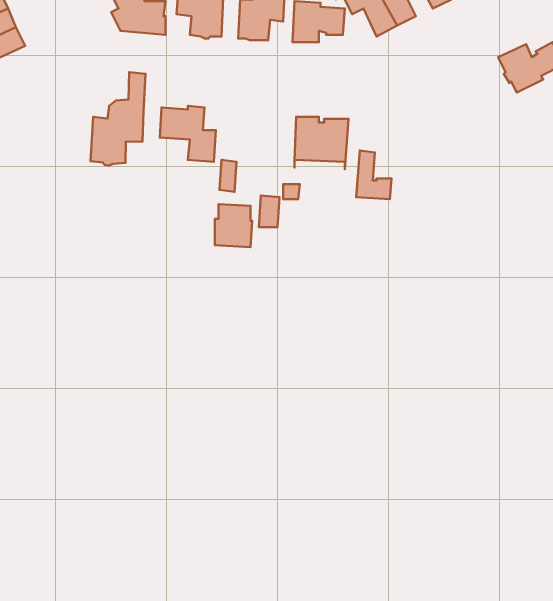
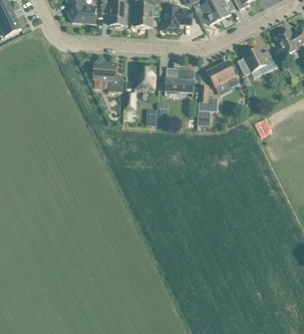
building: [91,72,146,165] -> none
building: none -> [242,47,276,77]
building: none -> [207,59,239,95]
building: [215,204,252,247] -> [134,65,155,88]

